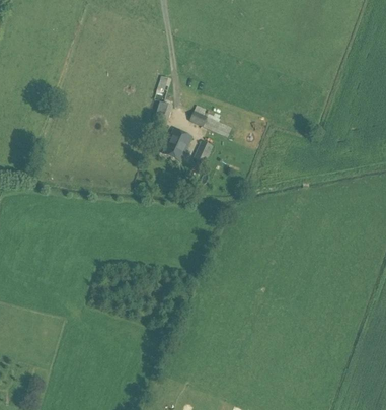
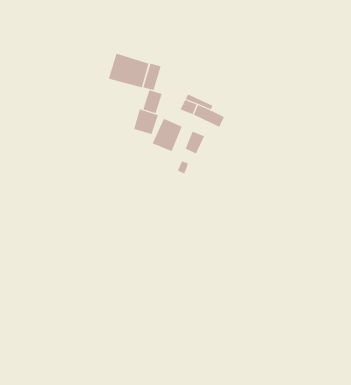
building: none -> [108,53,149,88]
building: none -> [134,109,158,135]

